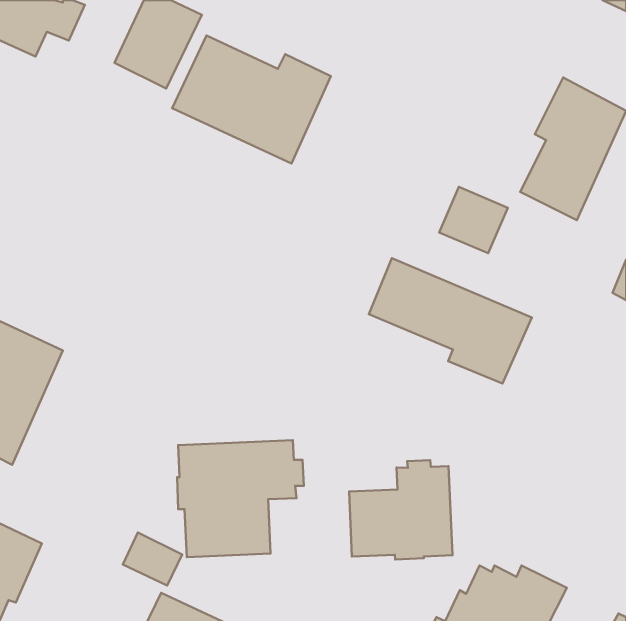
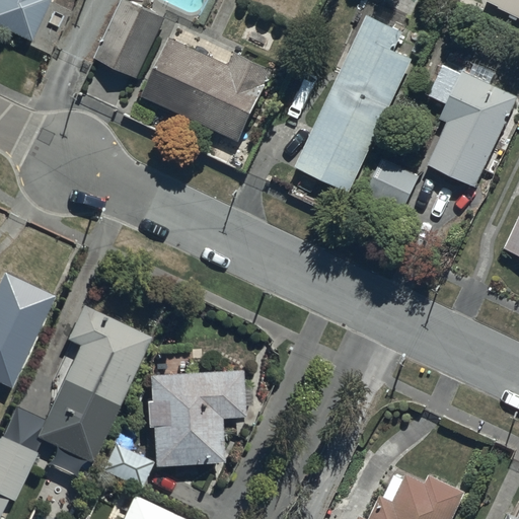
building: none -> [295,12,414,190]
building: [369,258,532,384] -> none
building: none -> [34,304,147,464]
building: [349,460,452,560] -> none

